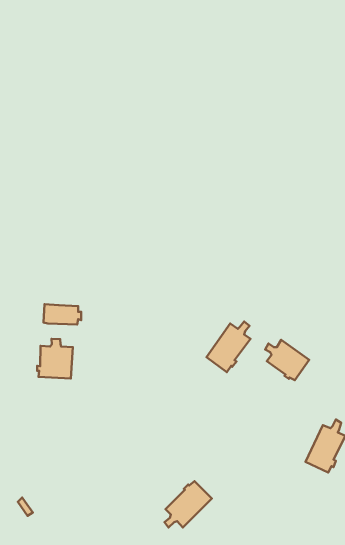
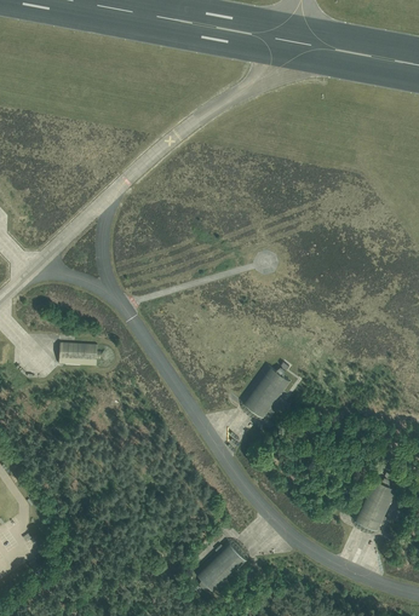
building: [37,339,73,378] -> none
building: [265,340,309,380] -> none

